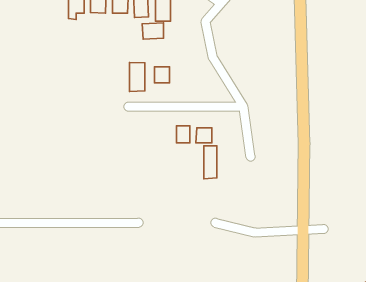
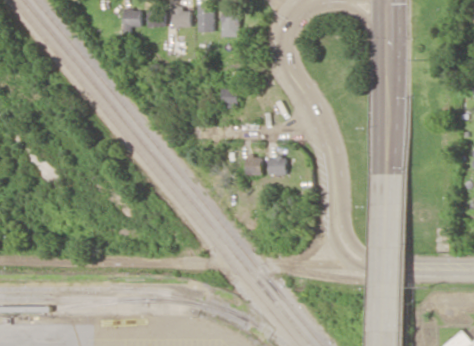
building: [142,23,164,39] -> none
building: [130,62,145,91] -> none
building: [204,146,217,179] -> none

